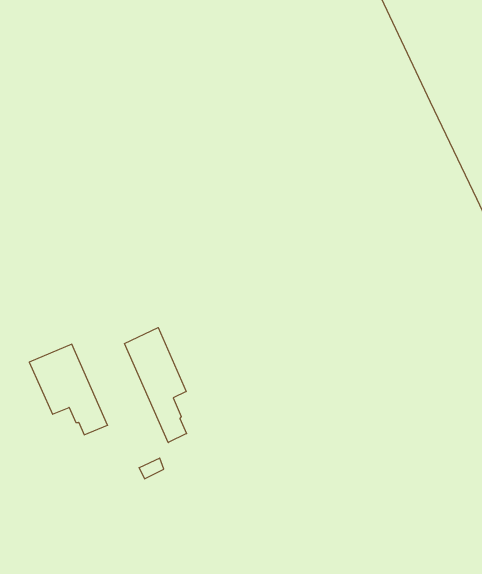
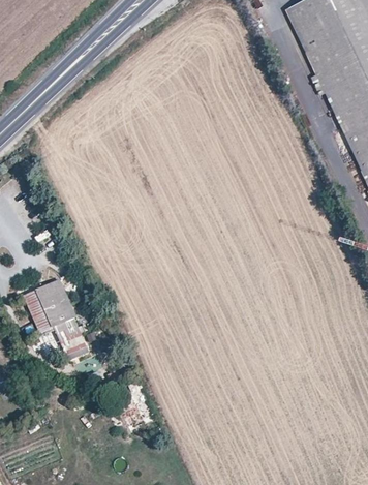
building: [125,328,187,443] -> none

